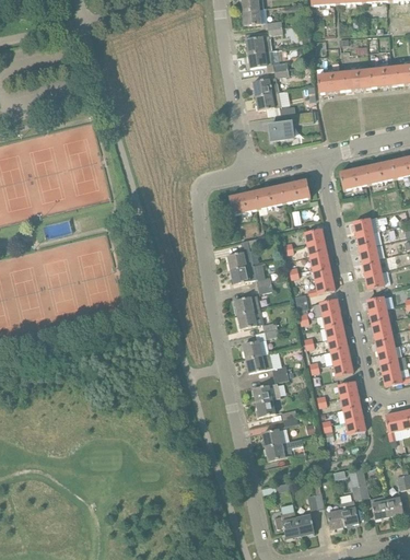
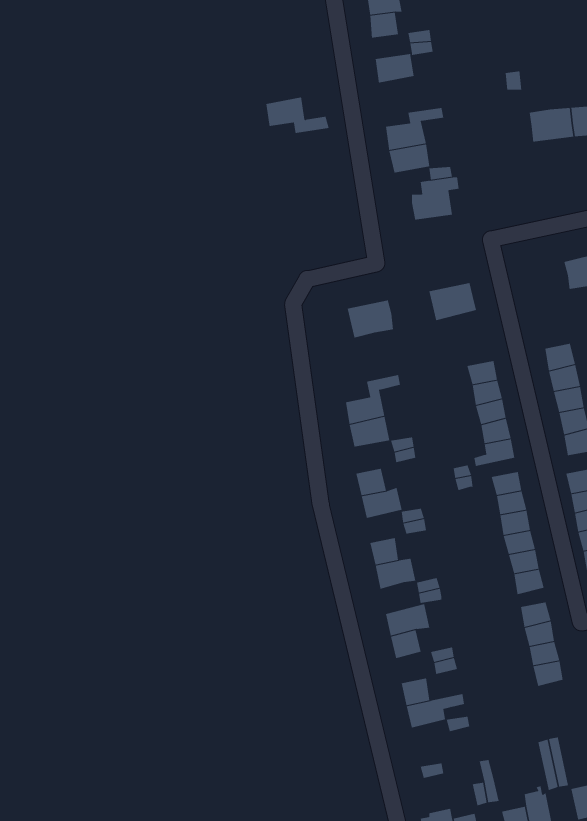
building: [248,49,289,72] -> [265,97,330,133]
building: [317,72,345,93] -> none
building: [339,166,368,190] -> none
building: [255,185,284,209] -> none

